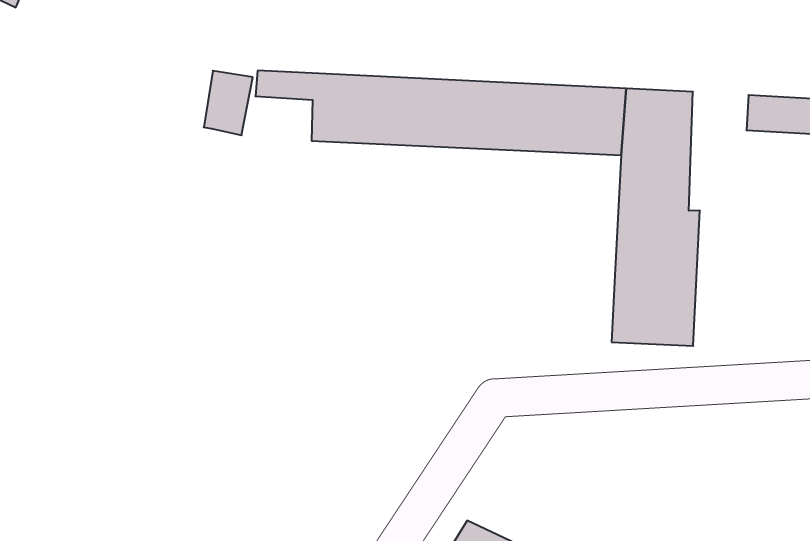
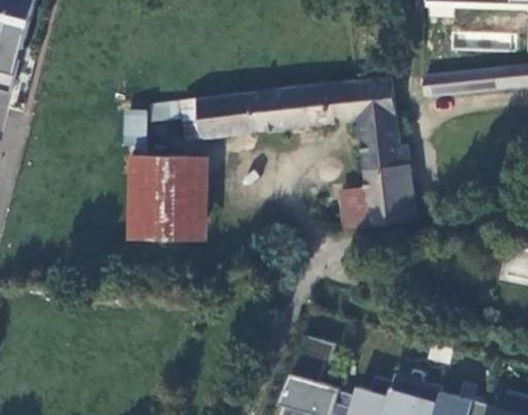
building: none -> [129,154,207,241]
building: none -> [339,187,369,227]

